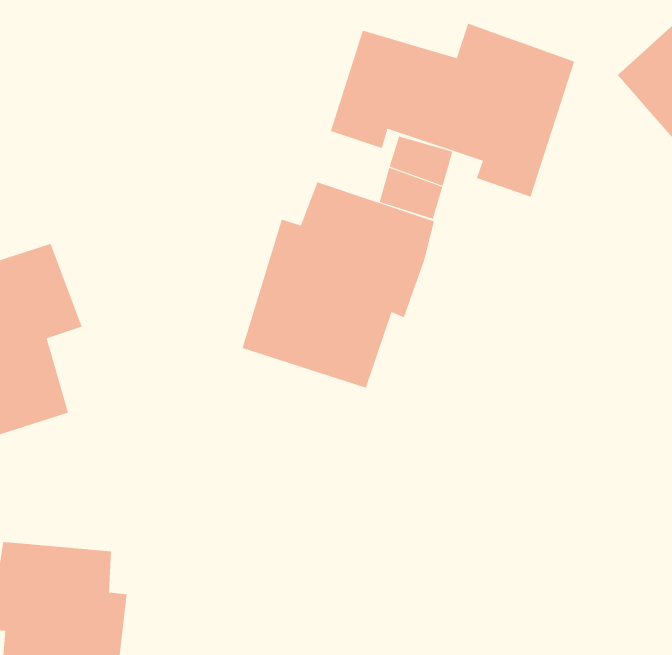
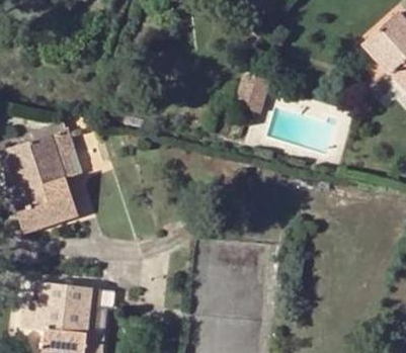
building: [330,23,575,198] -> none
building: [242,181,435,388] -> none

